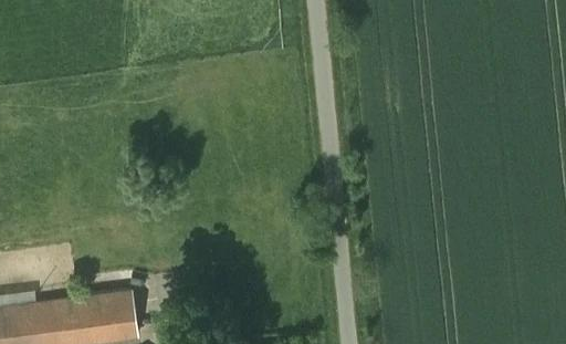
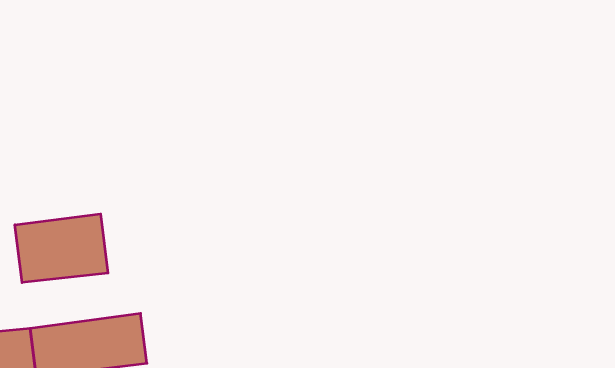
building: none -> [15,214,108,283]

